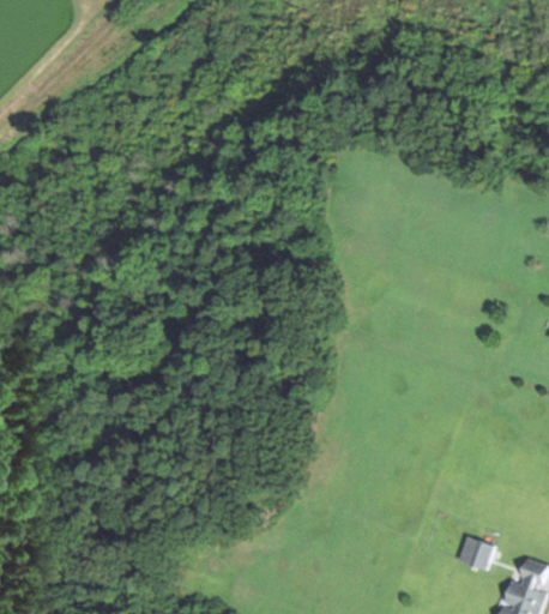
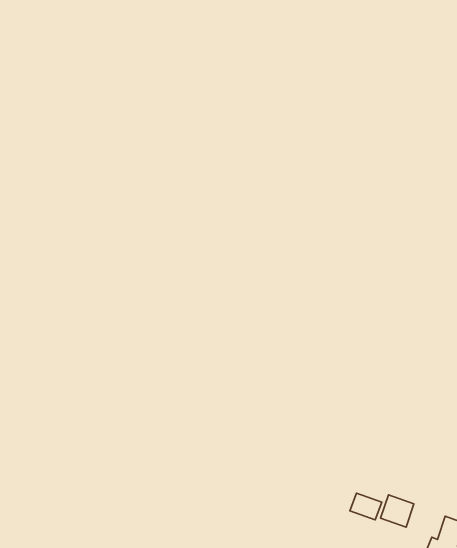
building: none -> [350,493,382,520]

